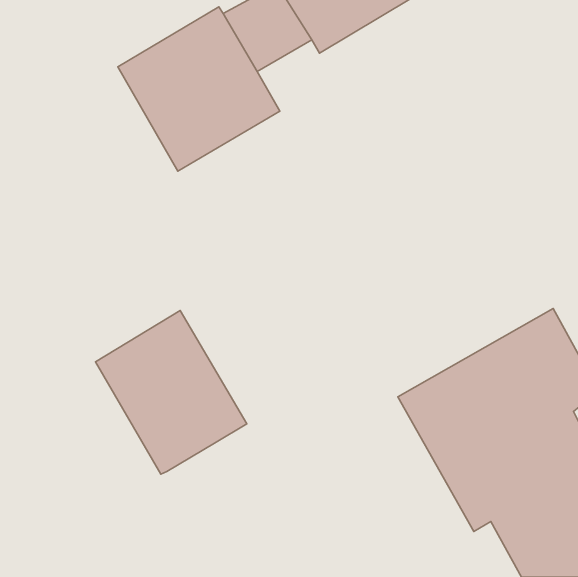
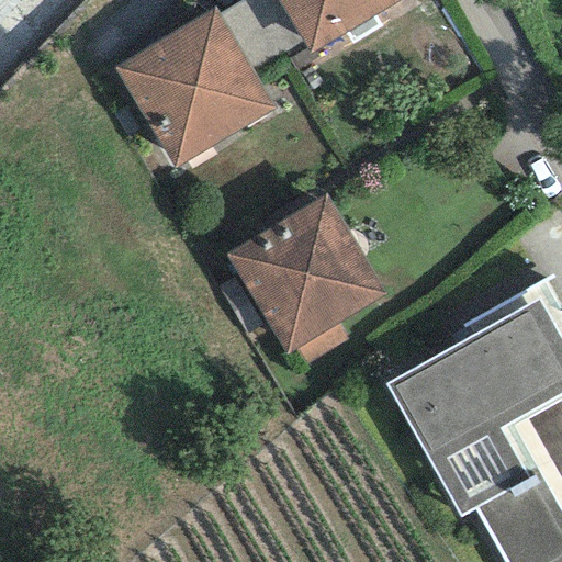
building: none -> [227,193,387,352]
building: [95,310,247,474] -> none

